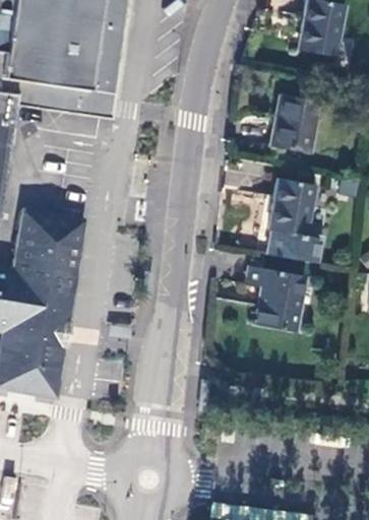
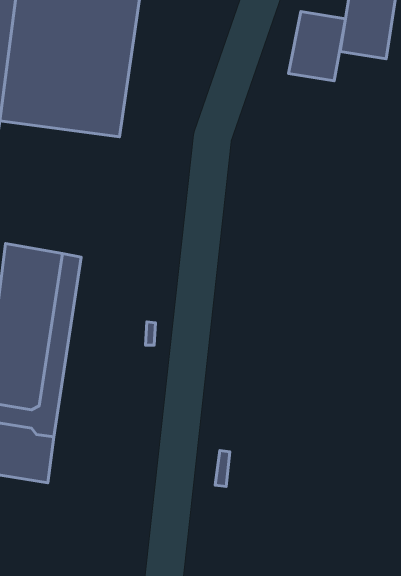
building: [269,94,316,151] -> [288,11,345,81]
building: [266,178,323,263] -> none
building: [246,266,303,331] -> none

